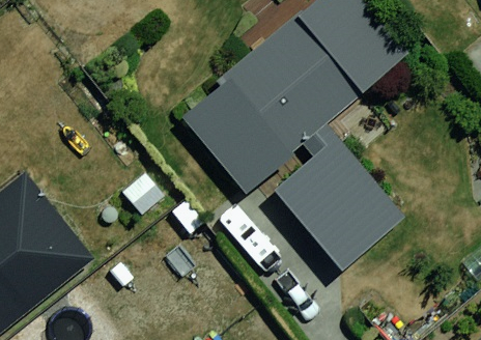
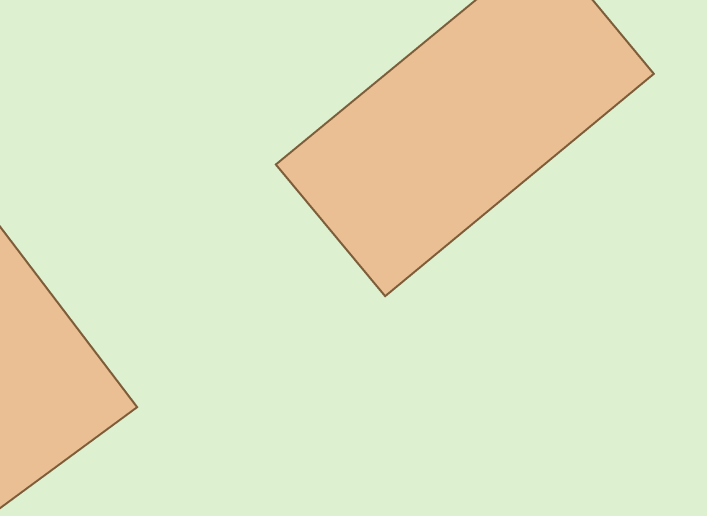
building: [280,138,408,267] -> none

